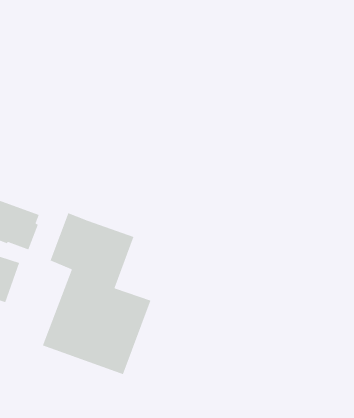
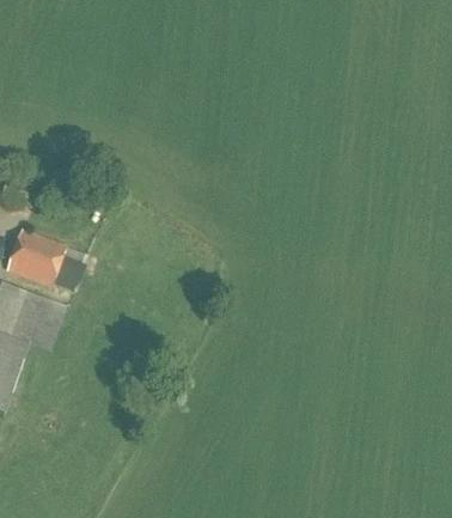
building: [42,212,152,375] -> none

